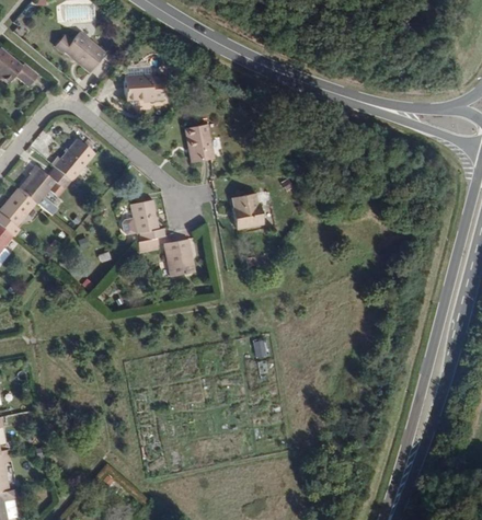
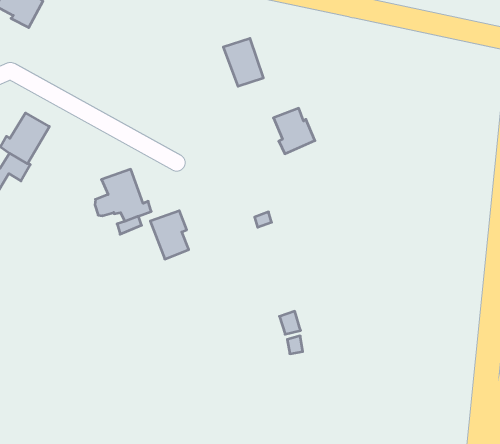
building: [122,74,161,97] -> none
building: [186,123,215,160] -> [223,38,263,86]
building: [231,194,262,229] -> [273,108,315,154]

